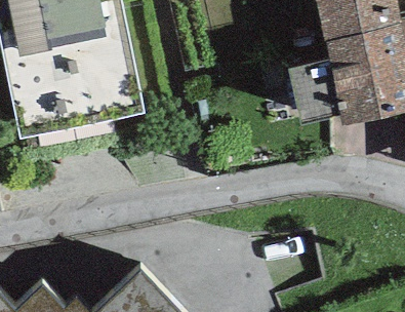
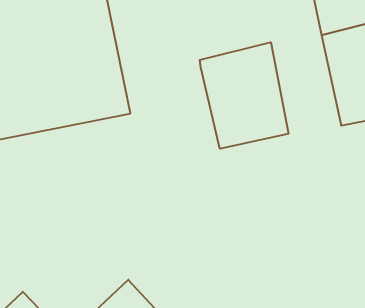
building: none -> [200,42,288,149]

